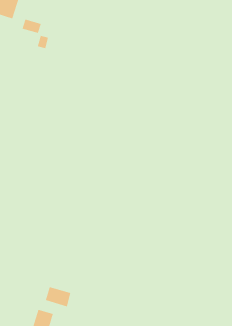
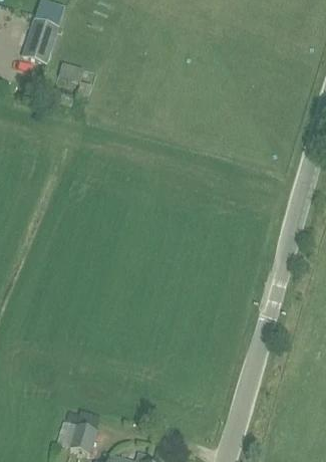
building: [45,286,71,308] -> none

